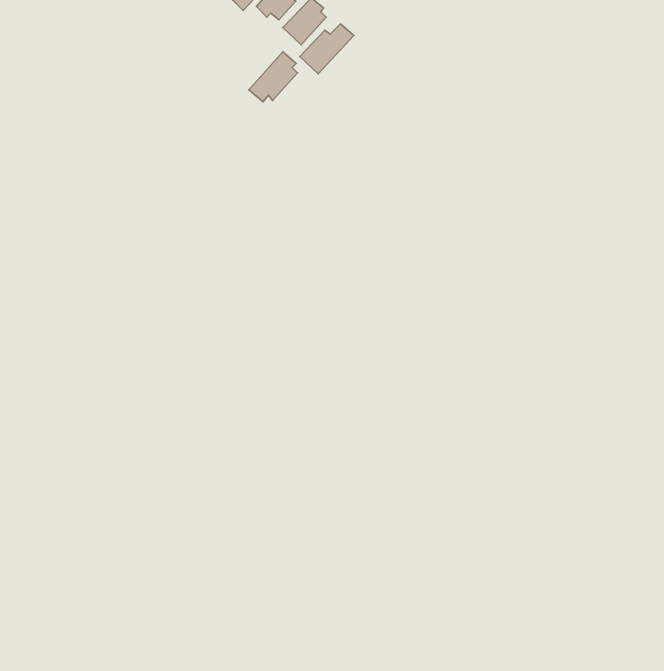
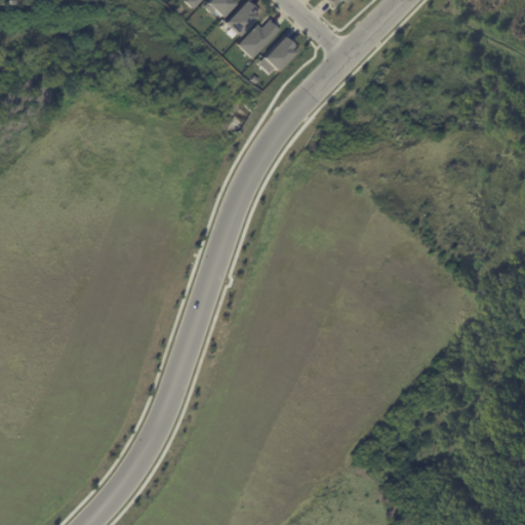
building: [249,52,297,102] -> [259,33,297,72]

